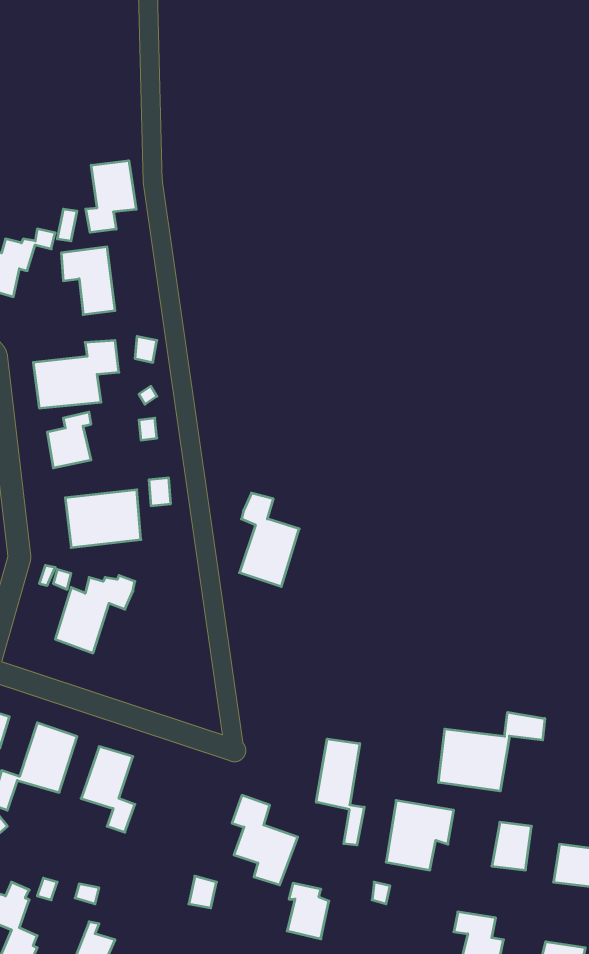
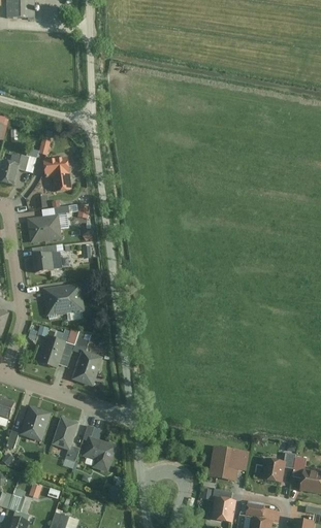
building: [86,161,136,232] -> none
building: [239,493,299,587] -> [72,337,103,386]
building: [439,712,545,791] -> none
building: [316,739,364,845] -> none
building: [232,795,298,885] -> [83,425,117,471]
building: [287,883,329,939] -> [213,490,234,519]

